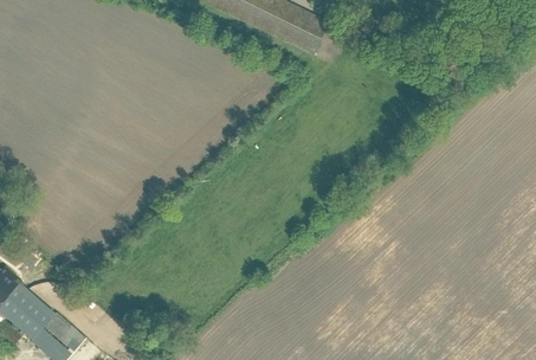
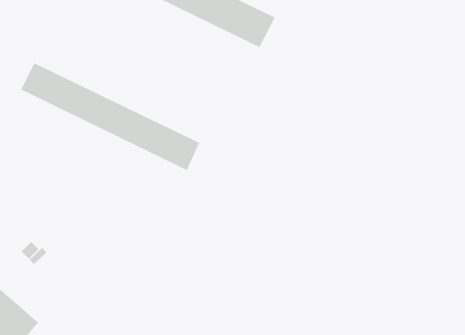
building: none -> [20,62,200,171]

